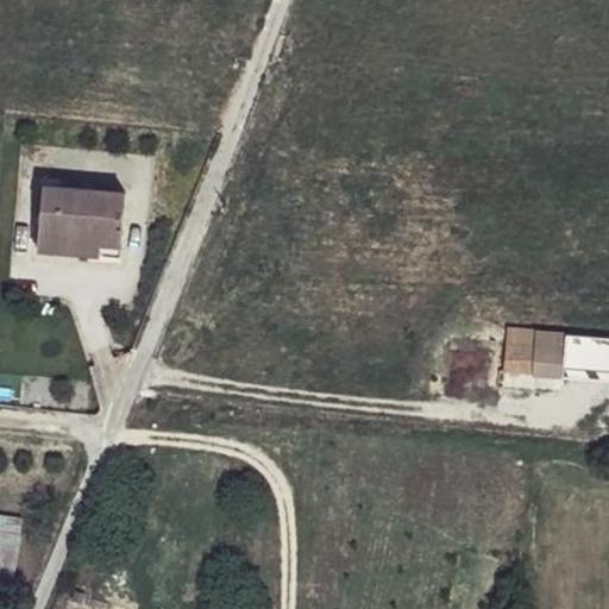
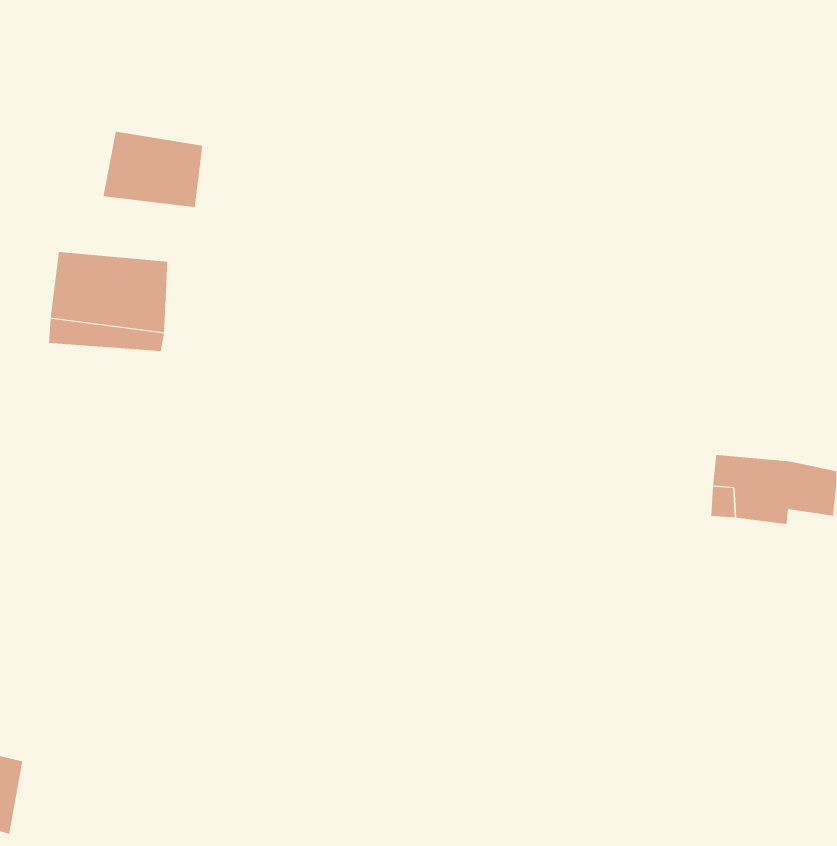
building: none -> [103,131,203,208]

